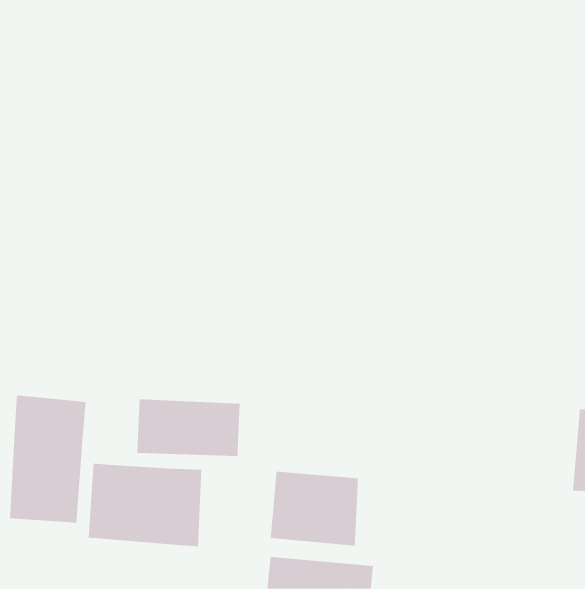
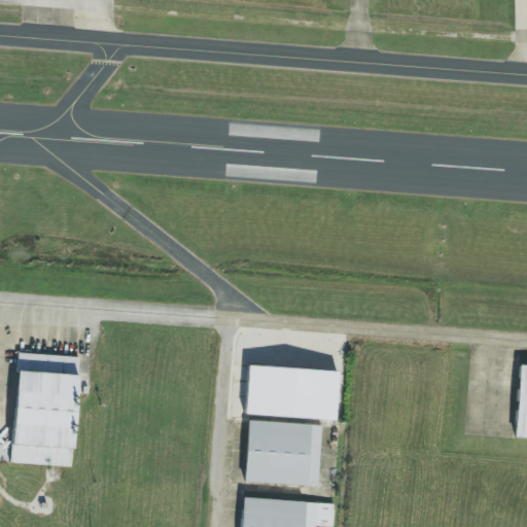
building: [137,399,241,457] -> [248,366,341,418]
building: [88,463,202,547] -> none

